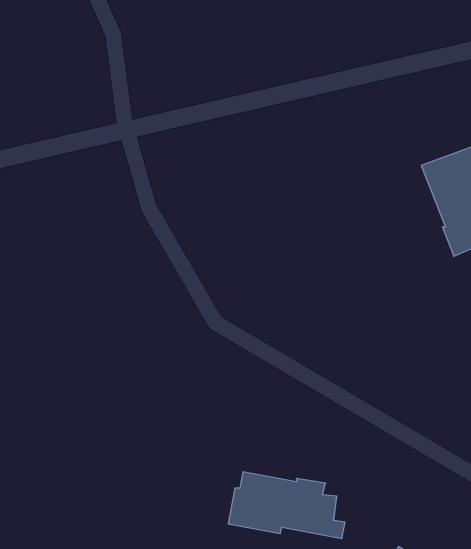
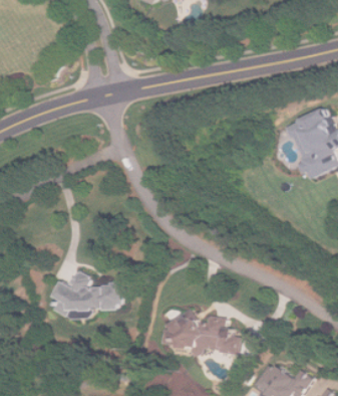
building: none -> [52,270,121,319]

